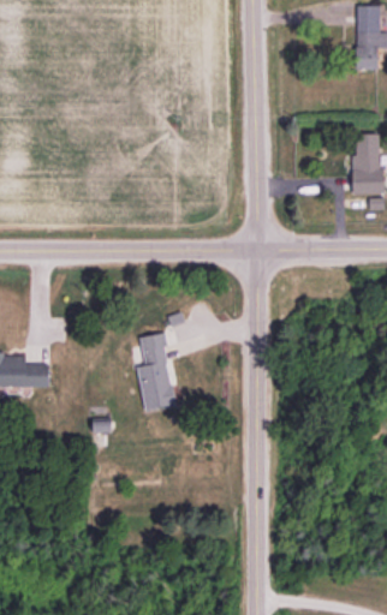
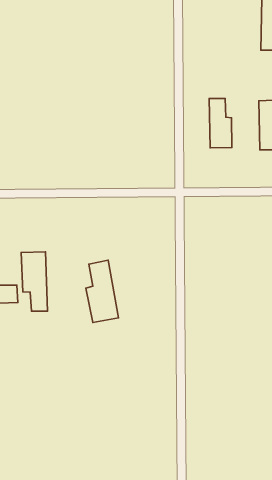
building: none -> [209,98,232,148]
building: none -> [21,252,48,311]

